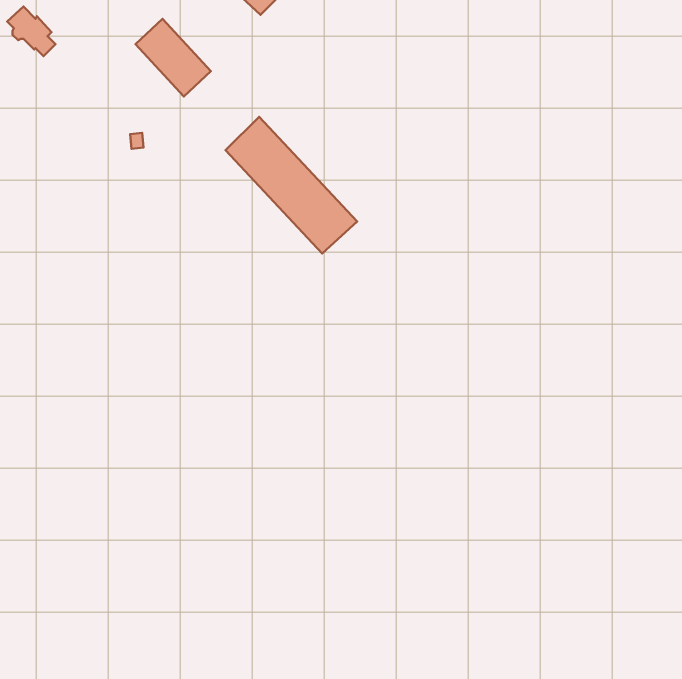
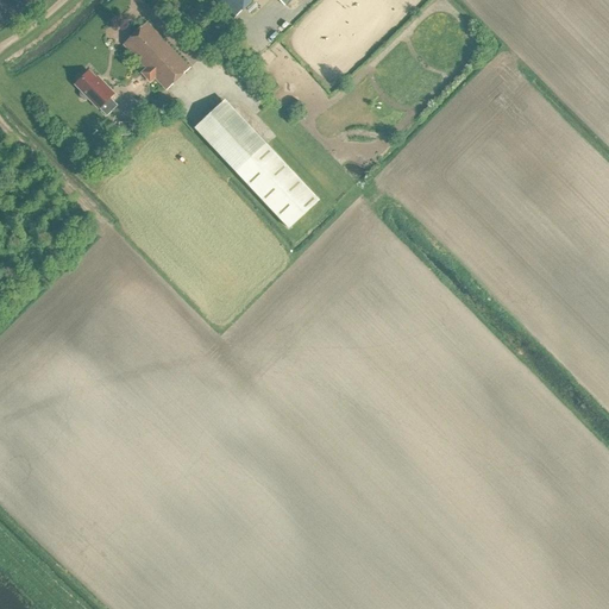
building: [7,7,56,56] -> [71,67,114,111]

